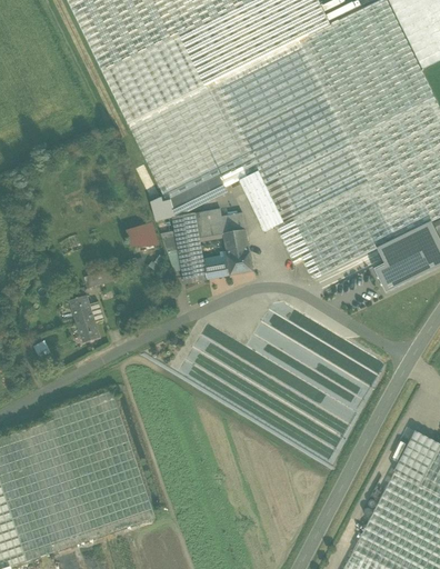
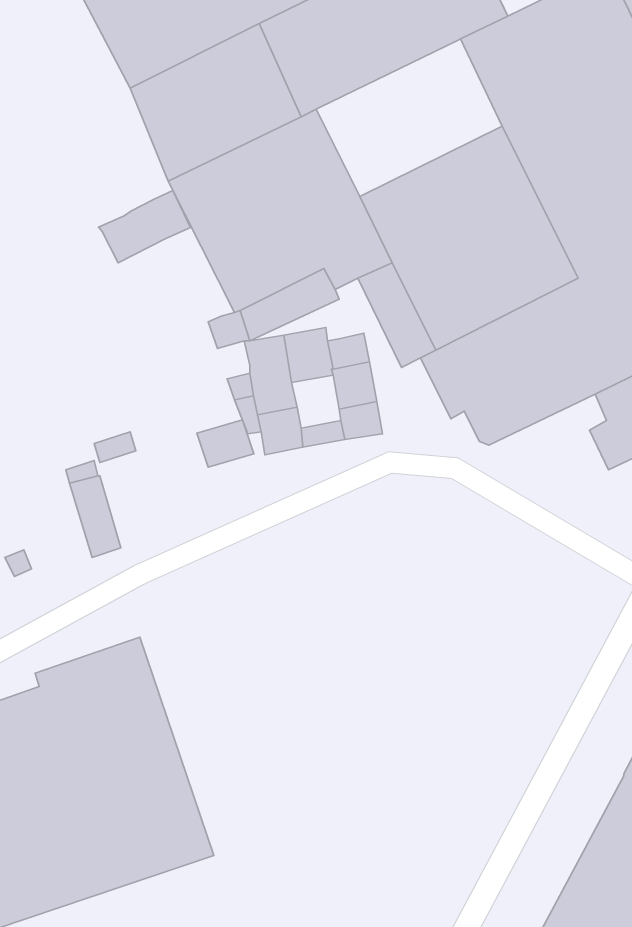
building: [214,39,323,131] -> none
building: none -> [99,190,191,263]
building: [124,220,158,248] -> [197,420,254,467]

